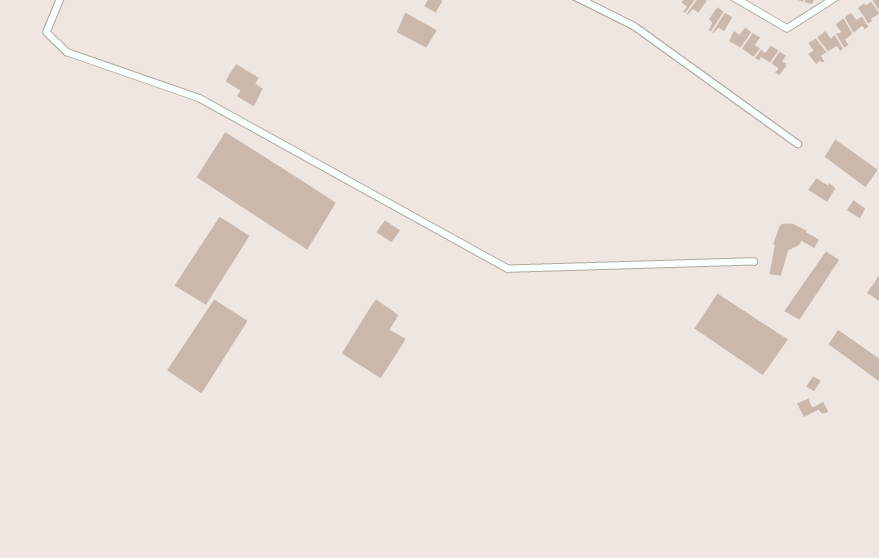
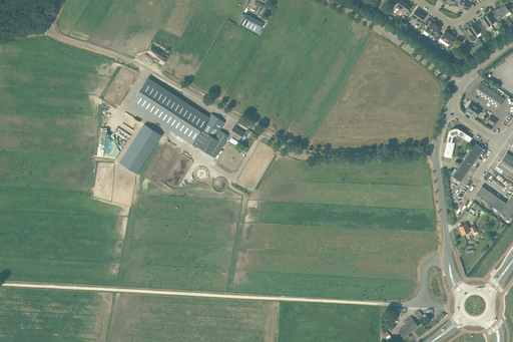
building: [693,292,789,376] -> none
building: [166,298,249,395] -> none
building: [341,298,407,379] -> [192,113,228,157]

